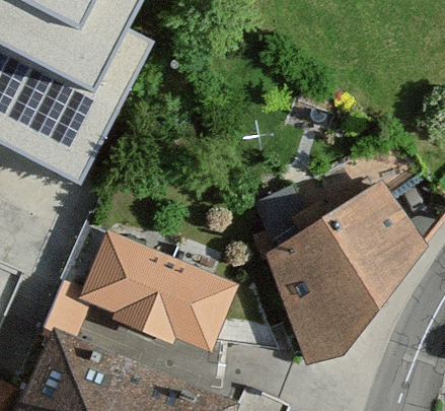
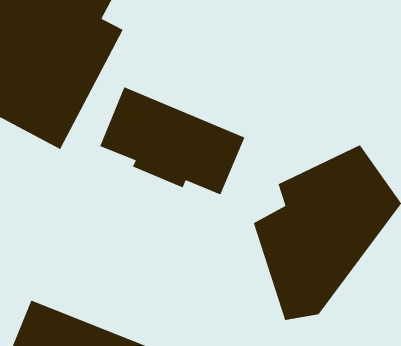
building: [84,233,229,342] -> [99,86,245,196]

